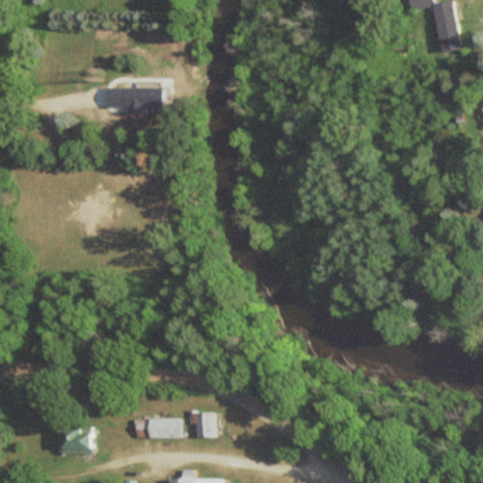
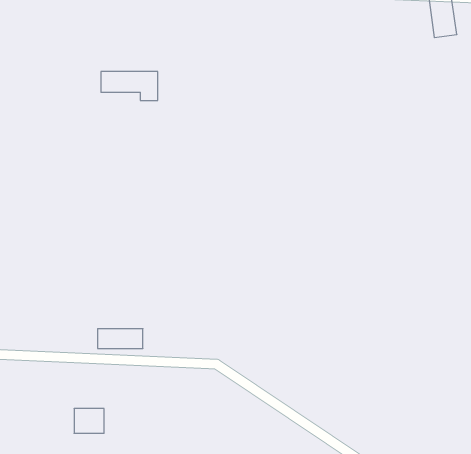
building: [195,412,214,437] -> none
building: [135,419,181,438] -> [98,329,143,348]

